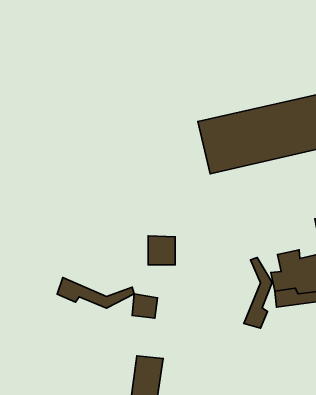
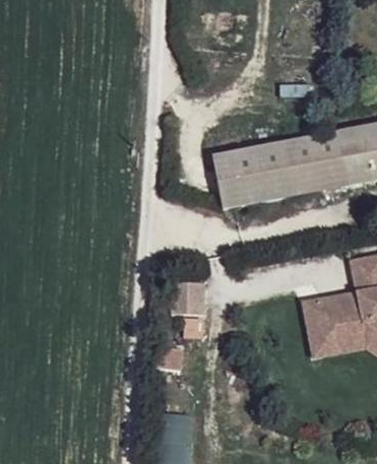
building: [244,258,272,328] -> none
building: [57,278,134,308] -> none

